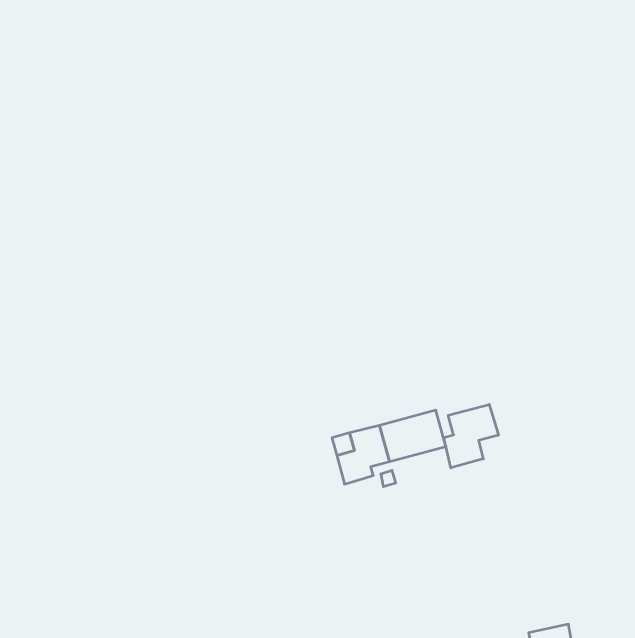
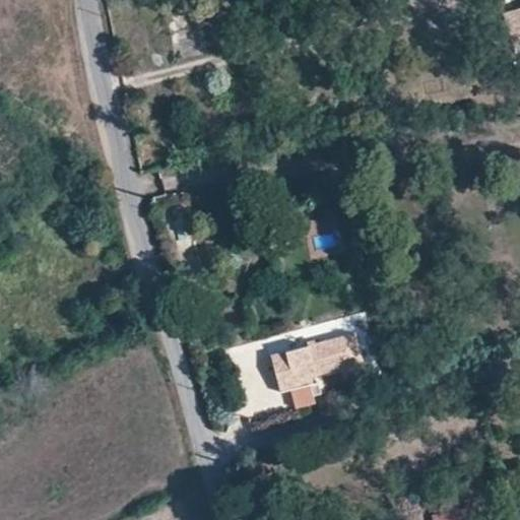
building: [444,404,498,468] -> none

